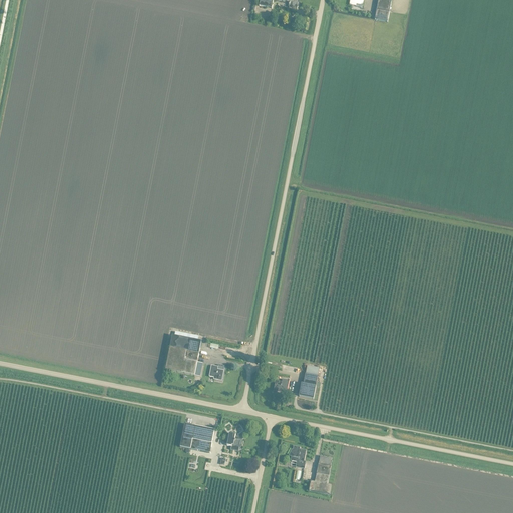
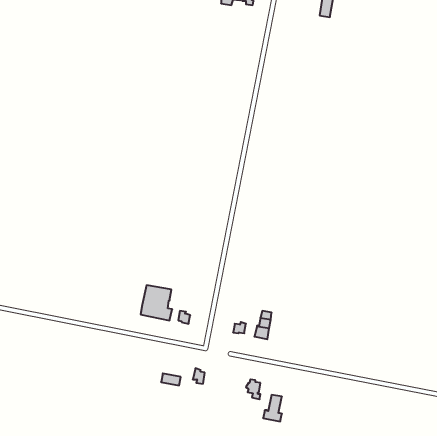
building: [179,422,213,447] -> none

